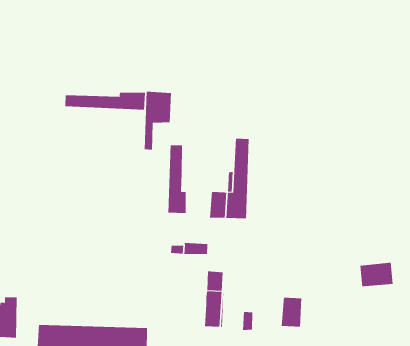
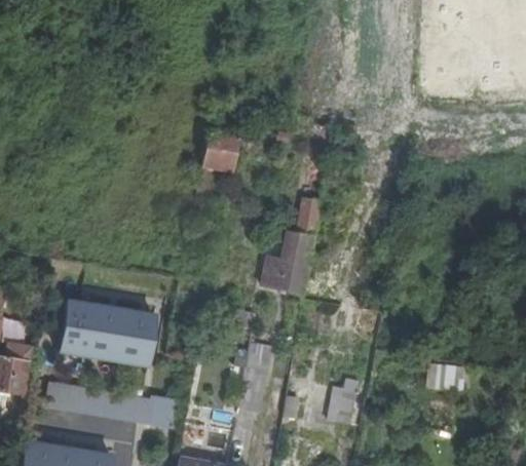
building: [65,92,146,111] -> none
building: [168,144,186,214] -> none
building: none -> [54,301,156,367]

